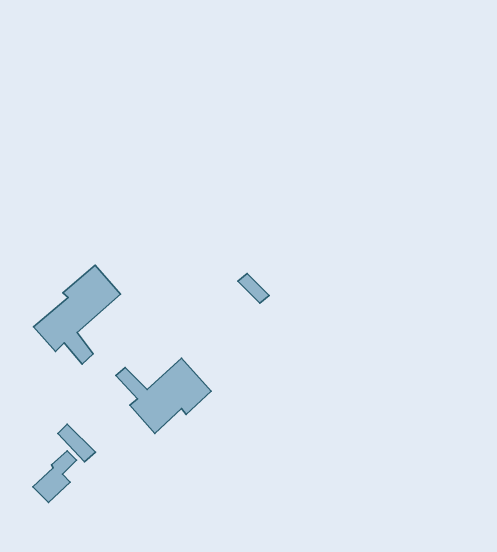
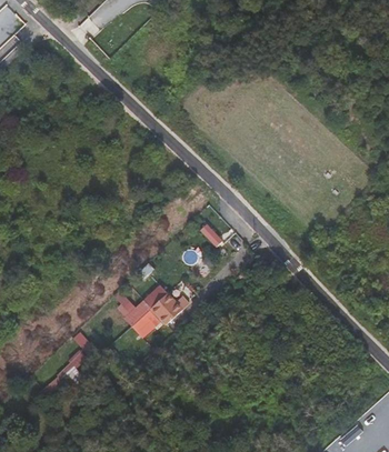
building: [34,265,120,364] -> none

